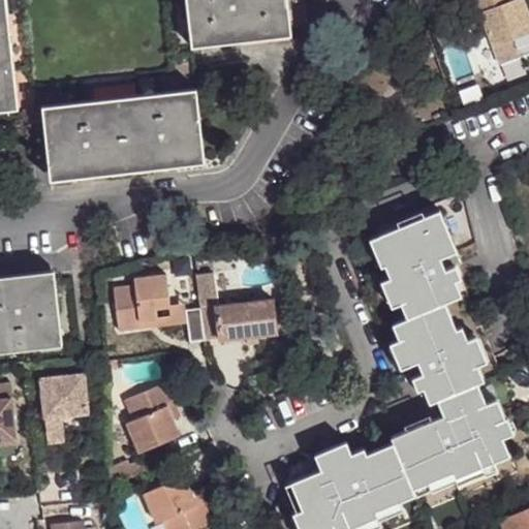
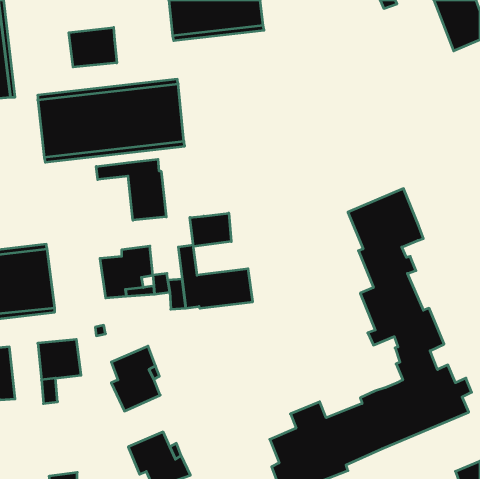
building: none -> [69,27,117,67]
building: none -> [96,159,166,220]
building: none -> [190,213,231,246]

